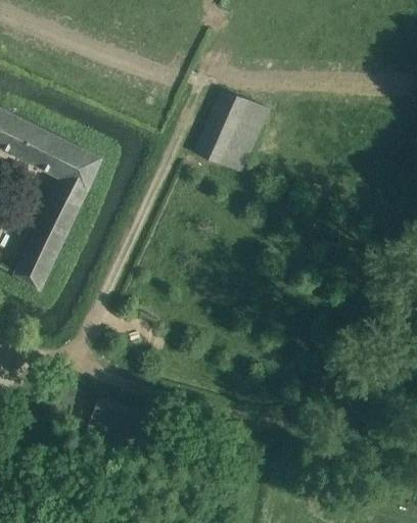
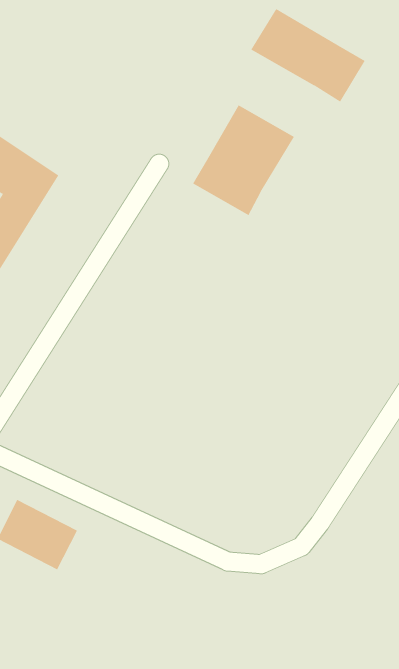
building: none -> [251,8,366,102]

